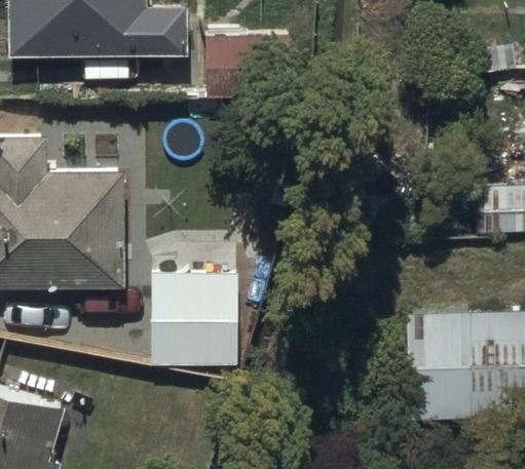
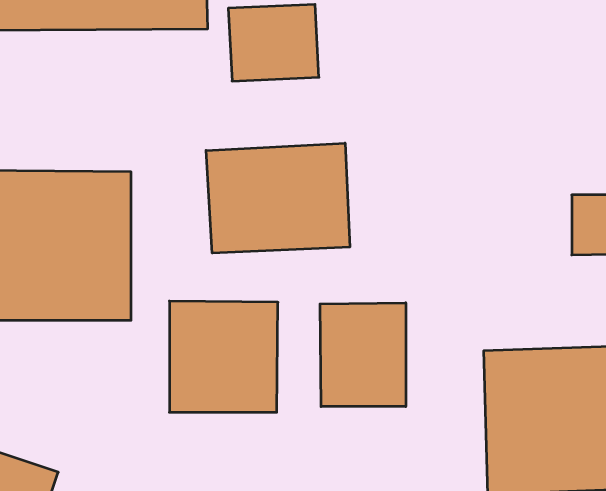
building: none -> [206,143,350,253]
building: none -> [320,303,406,407]

